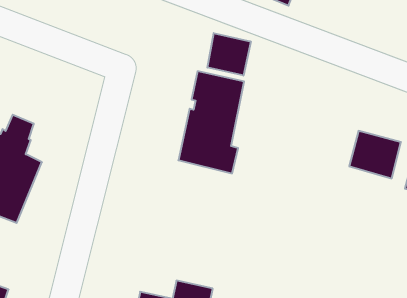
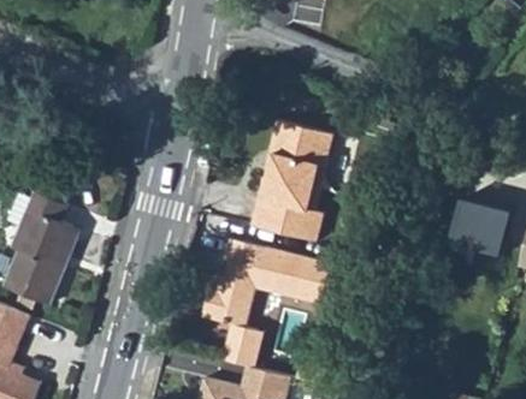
building: [207,33,251,76] -> none
building: none -> [197,240,325,370]

